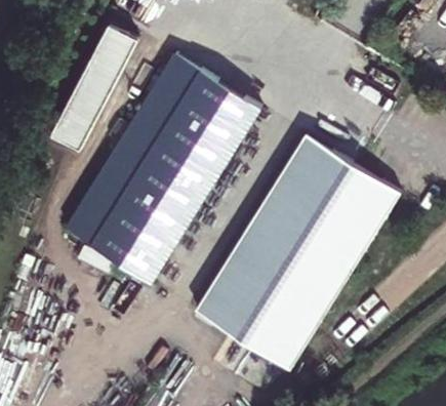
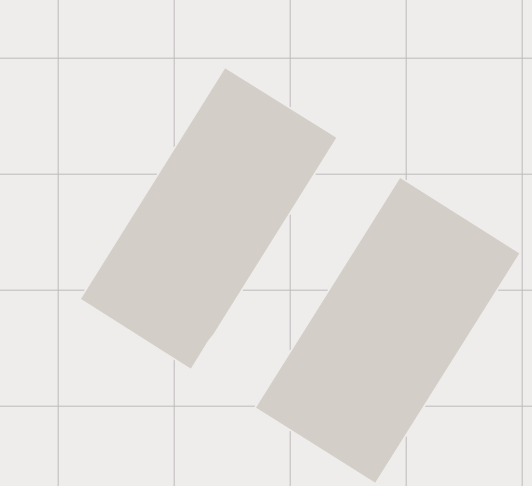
building: [54,23,139,152] -> none

